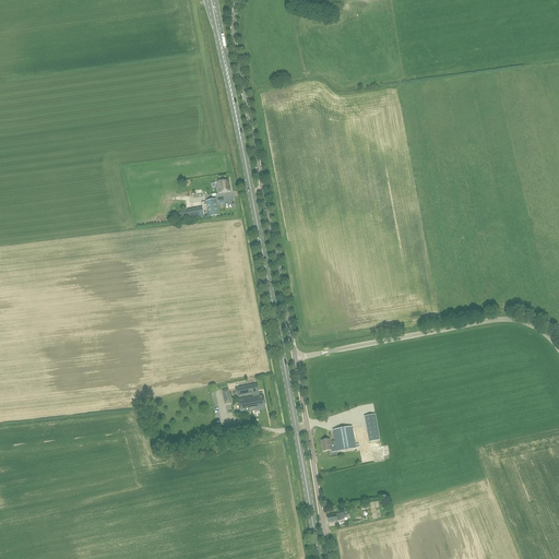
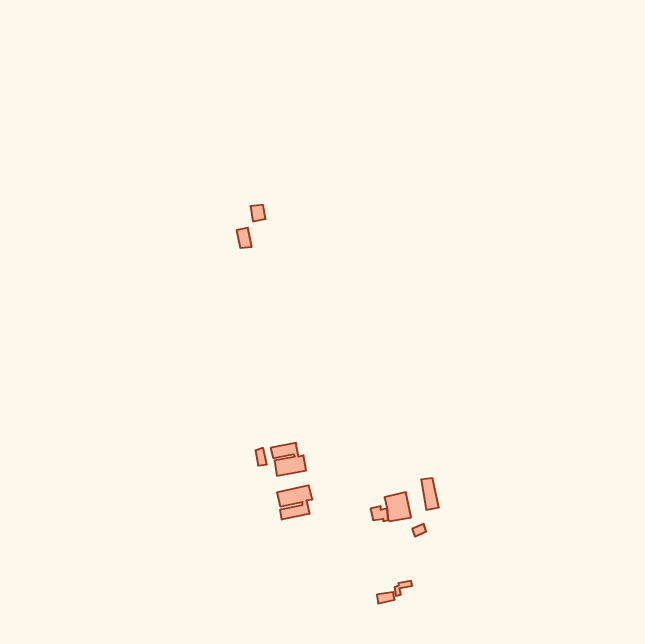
building: none -> [277,485,312,520]

